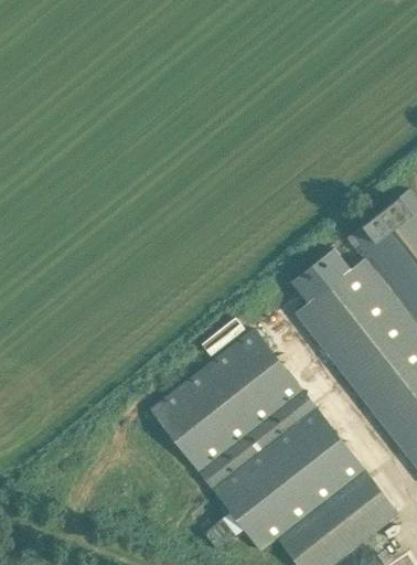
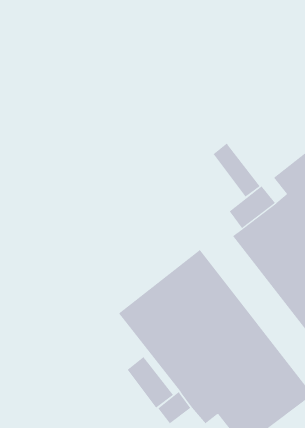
building: none -> [213,143,261,197]
building: none -> [127,356,174,408]

